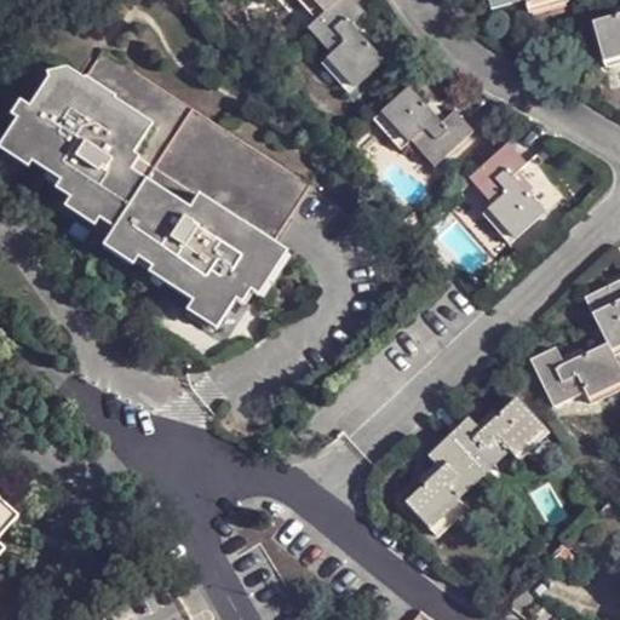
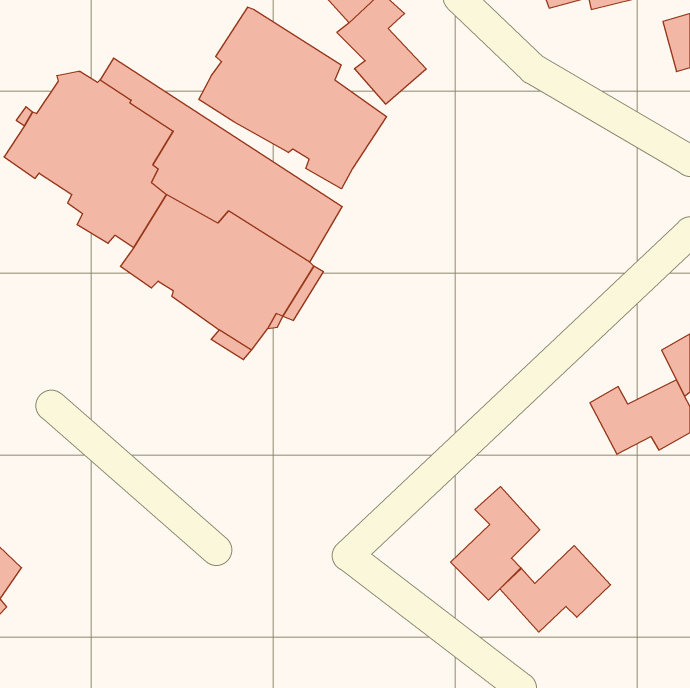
building: none -> [199,7,387,189]
building: [371,88,470,167] -> none
building: [466,142,544,243] -> none
building: [448,397,547,475] -> [500,546,611,632]

